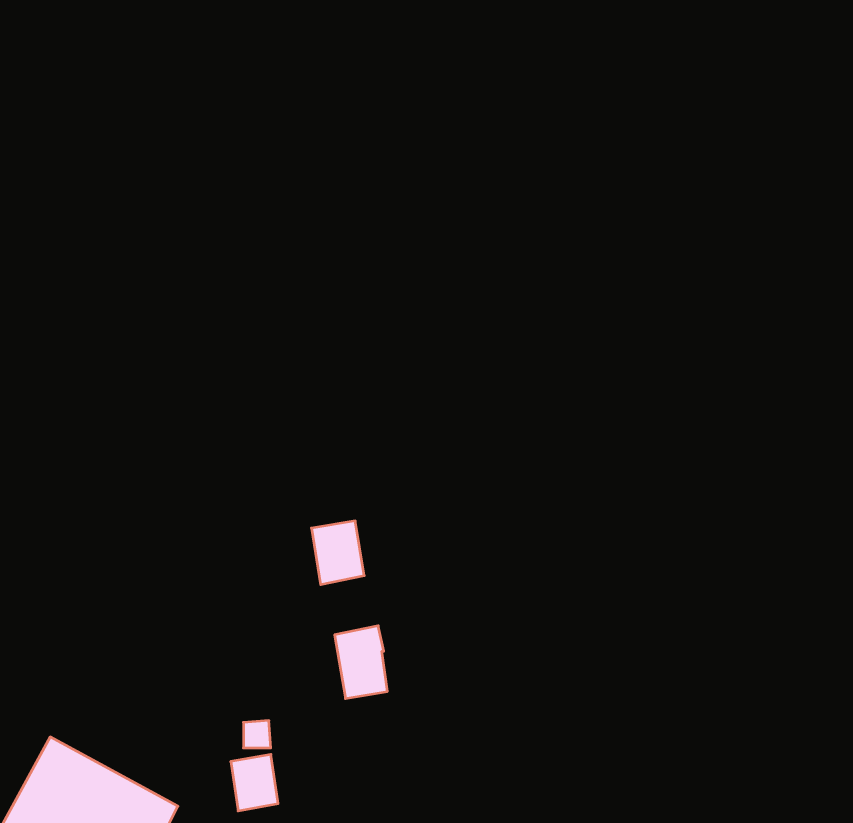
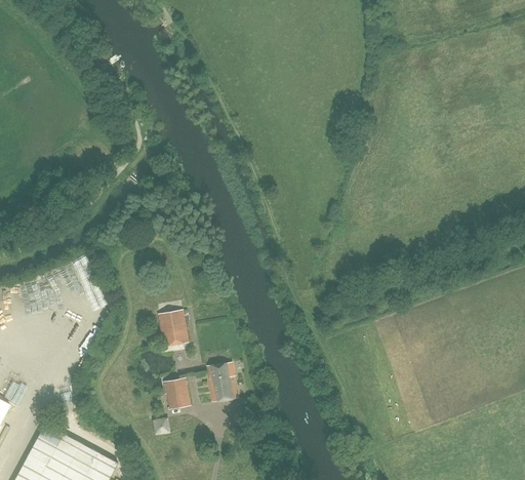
building: [311,521,364,585] -> [158,311,188,347]
building: [231,754,278,811] -> [163,378,190,410]

